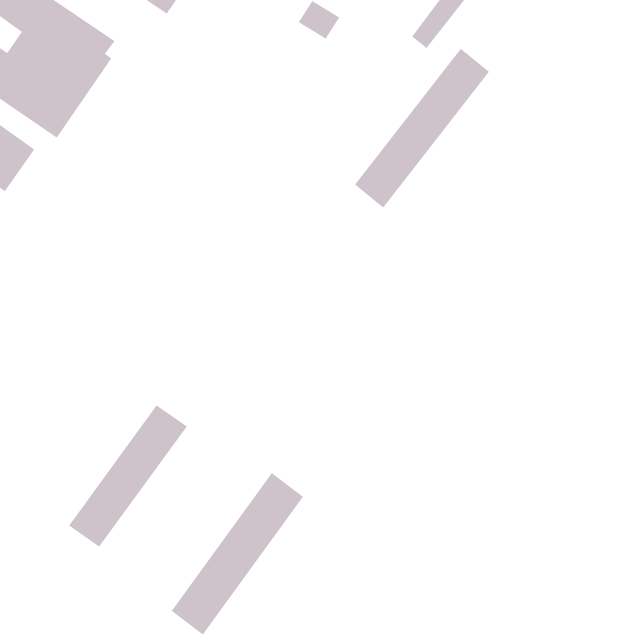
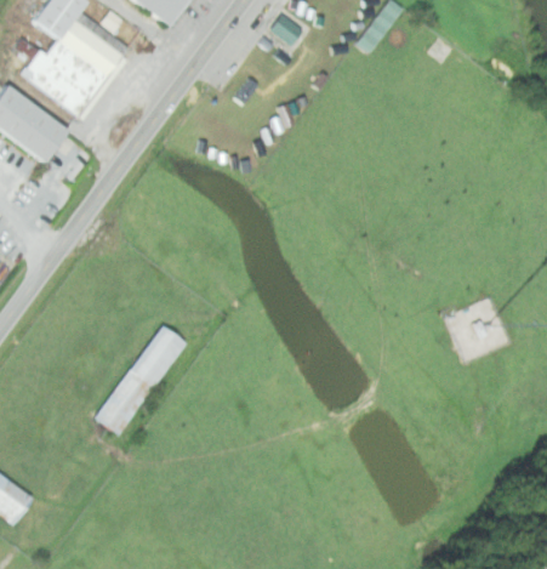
building: [354,48,490,209] -> none
building: [171,472,304,635] -> none

